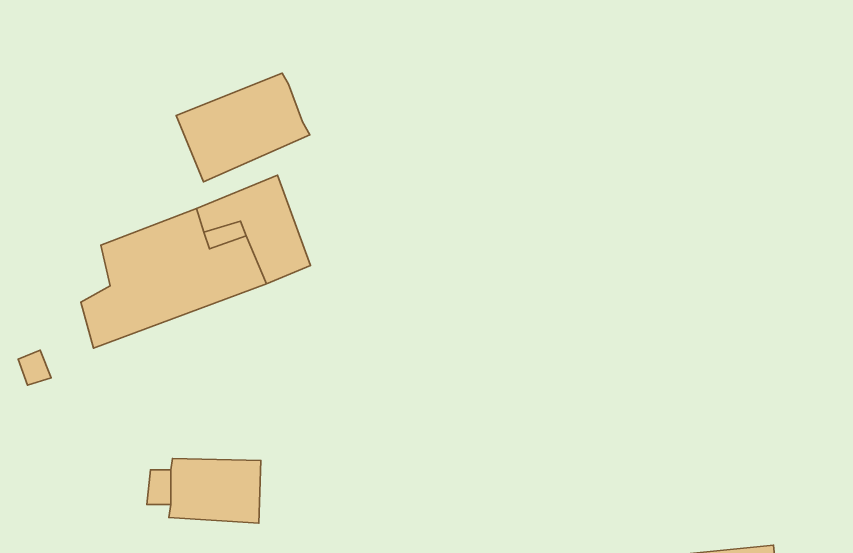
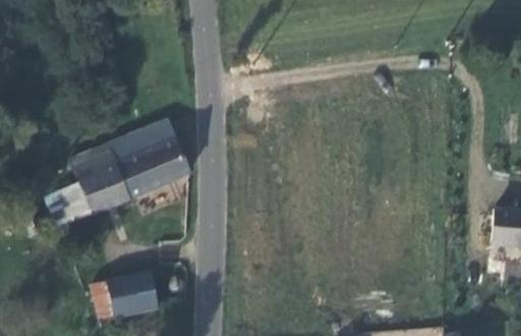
building: [176,73,310,182] -> none

